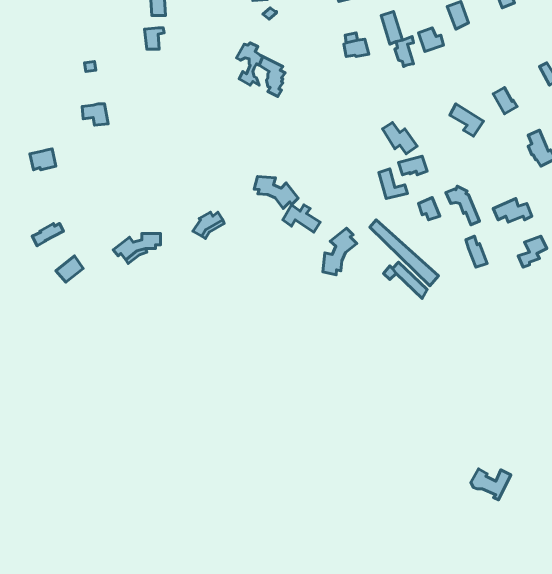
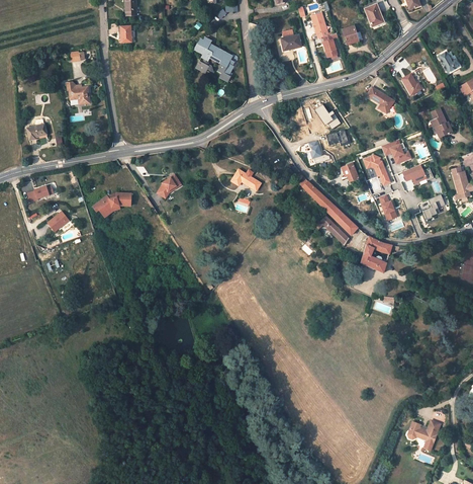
building: none -> [382,140,413,163]
building: [254,177,298,209] -> none
building: [323,228,357,275] -> none
building: none -> [361,236,392,272]
building: [471,469,511,500] -> [413,421,446,447]

